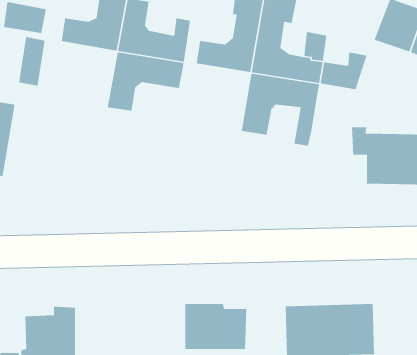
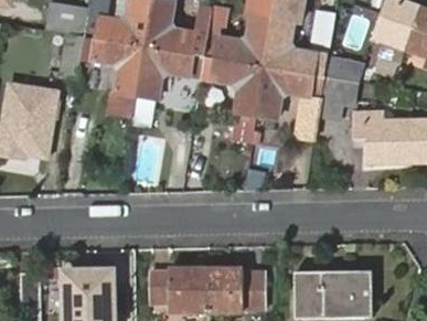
building: none -> [93,39,147,97]
building: none -> [212,58,265,118]
building: none -> [319,76,357,119]
building: none -> [151,269,206,310]

